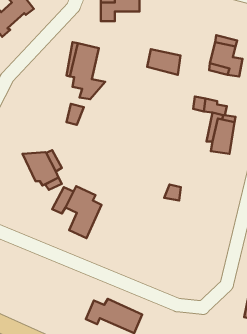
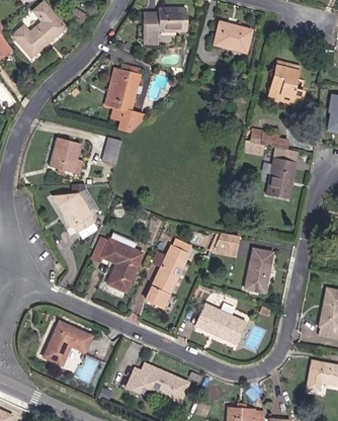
building: [147,49,181,75] -> [213,25,251,55]
building: none -> [49,140,79,172]
building: none -> [148,239,191,303]
building: none -> [244,246,272,291]
building: none -> [192,301,246,345]
building: none -> [43,319,93,365]

